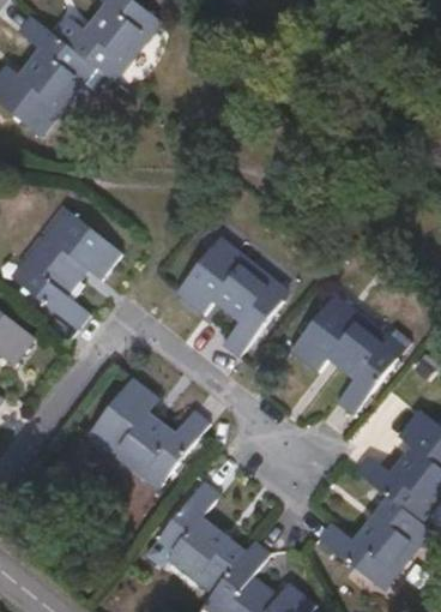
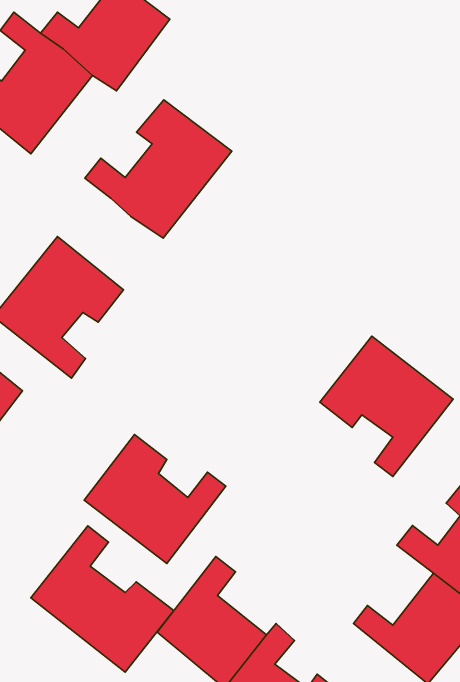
building: none -> [85,100,232,238]
building: [177,238,291,359] -> none
building: none -> [31,526,174,672]

